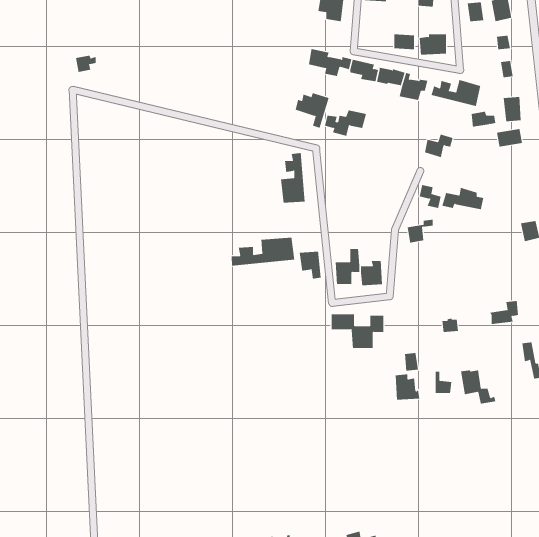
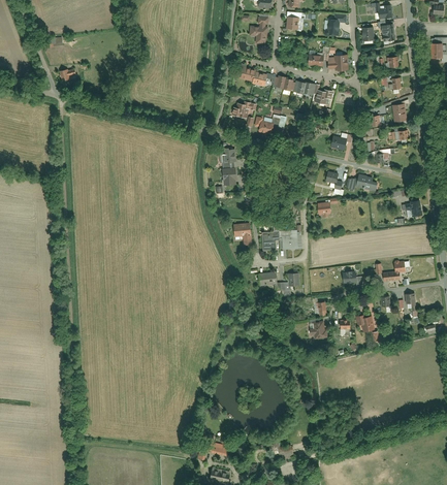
building: [431,79,481,107] -> none
building: [231,237,295,267] -> none

